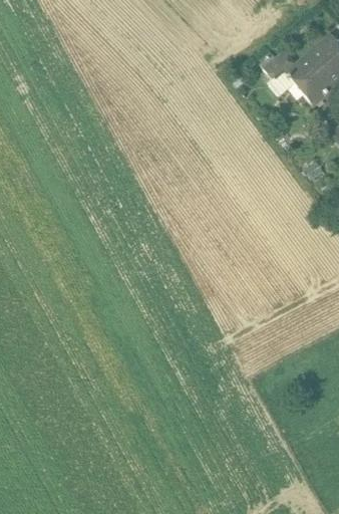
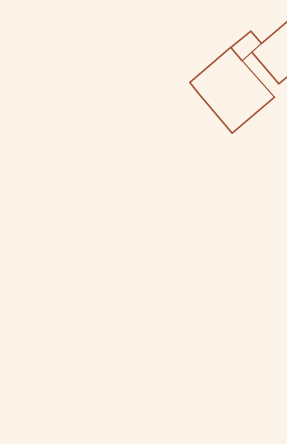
building: none -> [190,47,274,133]

